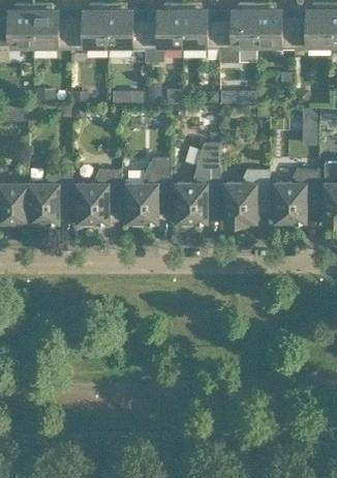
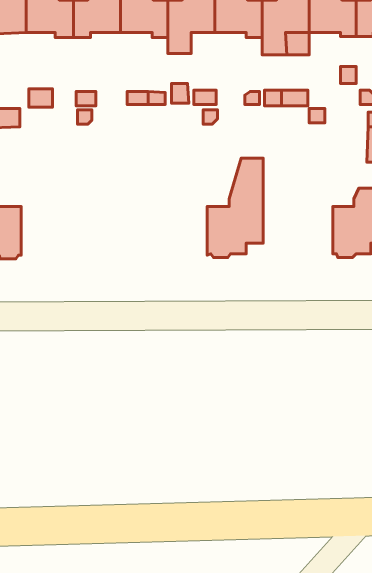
building: [126,158,171,226] -> none
building: [225,170,270,226] -> none
building: [29,171,72,226] -> none
building: [76,171,121,226] -> none

